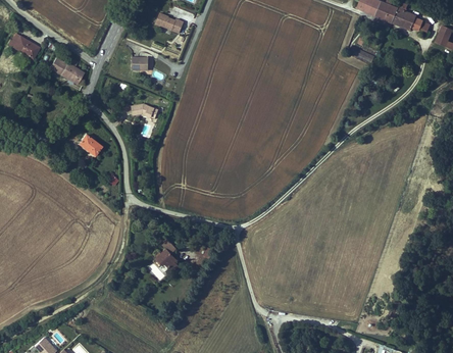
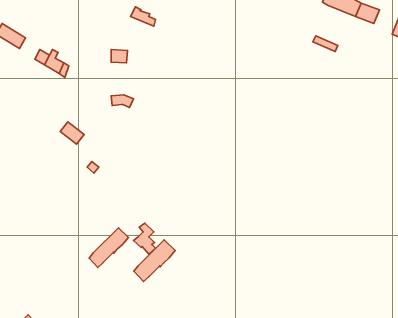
building: none -> [89,228,128,267]
building: none -> [134,240,175,282]

